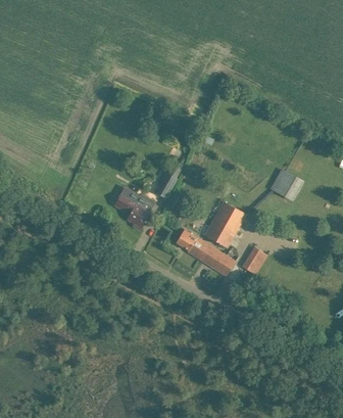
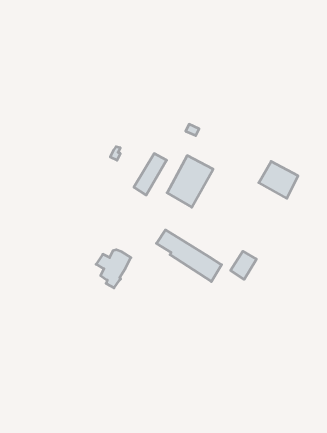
building: [122,194,154,229] -> [96,250,131,288]
building: [204,200,246,247] -> [167,156,213,207]

